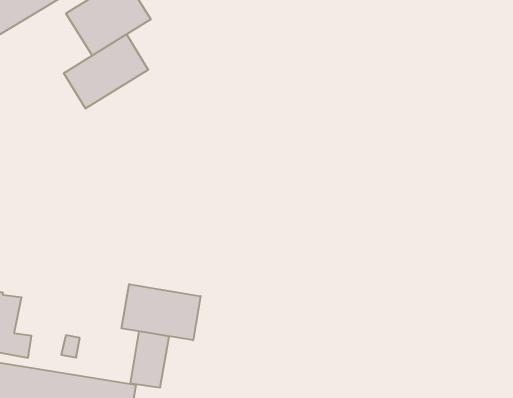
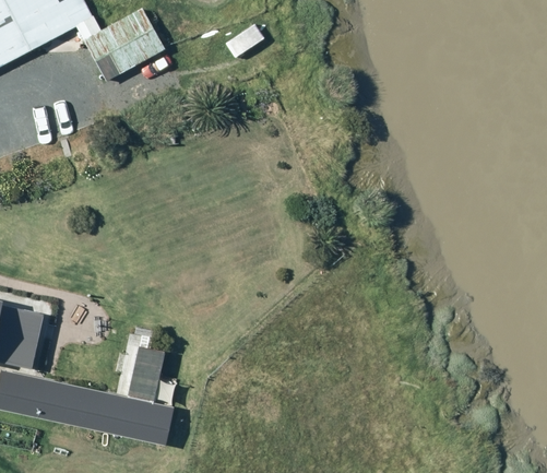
building: [64,34,148,109] -> none
building: [122,284,201,340] -> none

